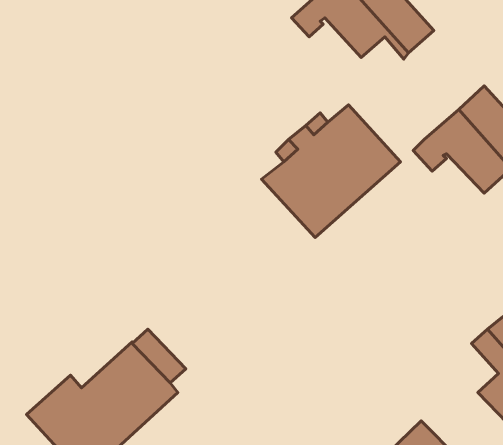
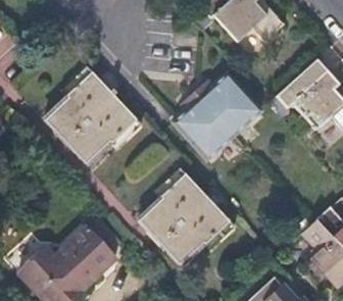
building: none -> [46,76,133,162]
building: none -> [141,177,227,263]

